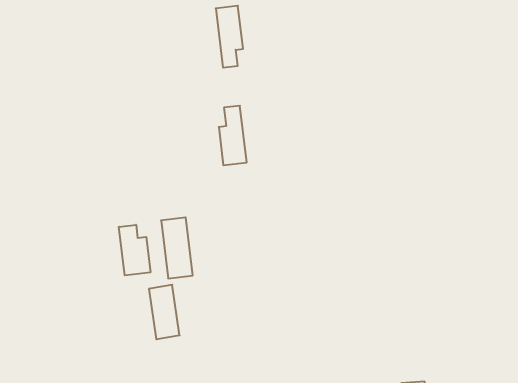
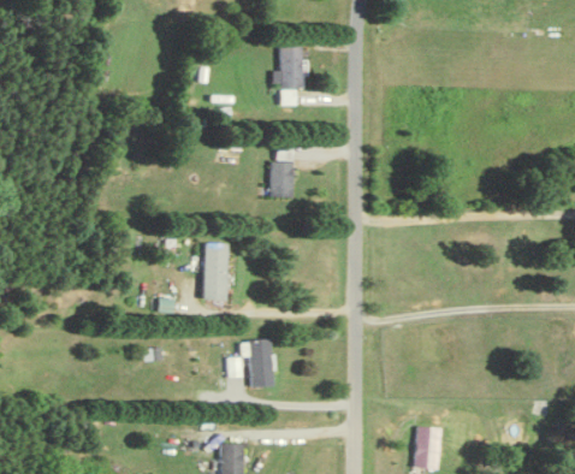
building: [119,225,150,275] -> none
building: [149,285,180,339] -> [249,339,273,390]

